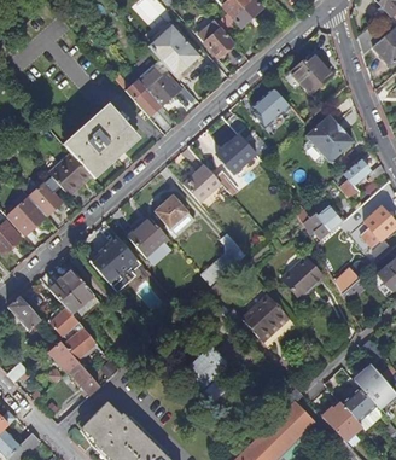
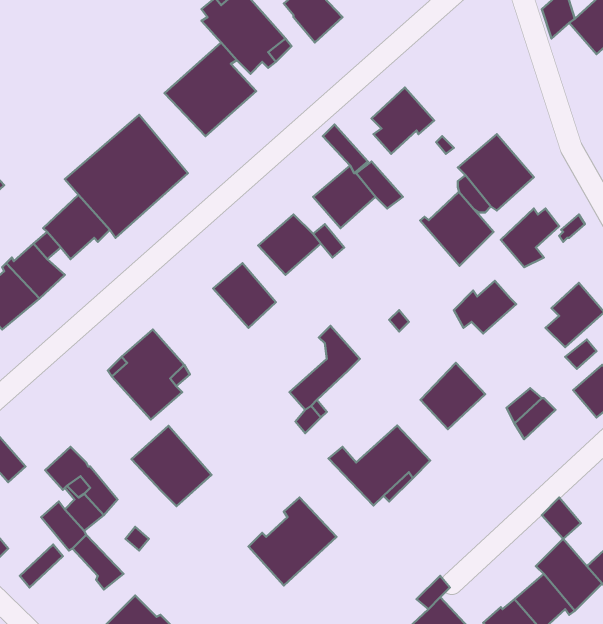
building: [290,52,330,93] -> none
building: none -> [420,192,494,266]
building: [126,215,169,258] -> none
building: [48,268,98,318] -> [131,426,212,506]

